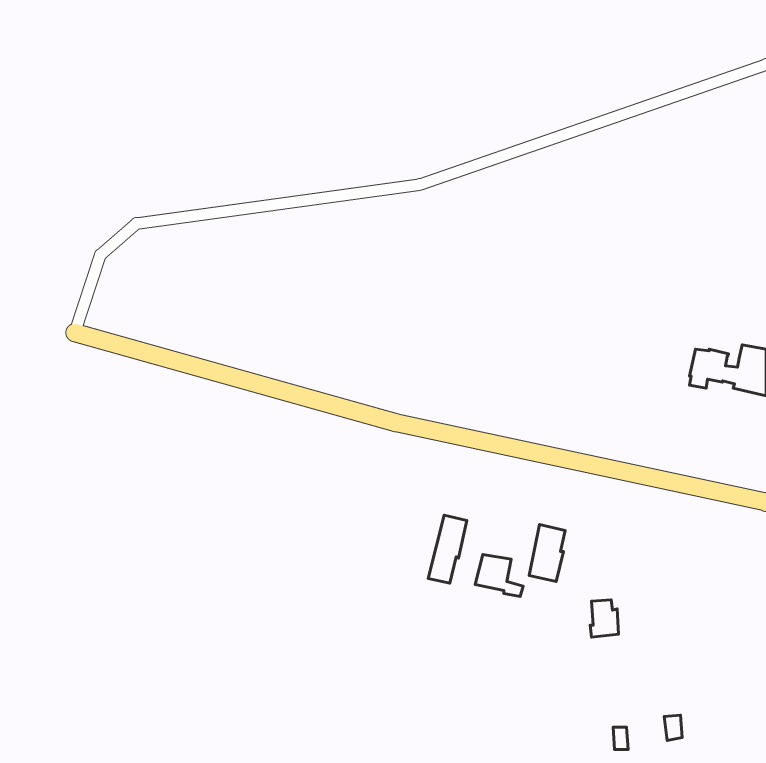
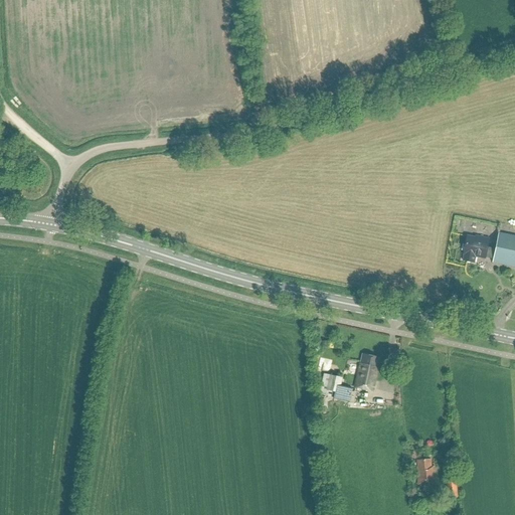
building: [428,515,467,583] -> none
building: [590,600,619,637] -> [416,458,436,483]

